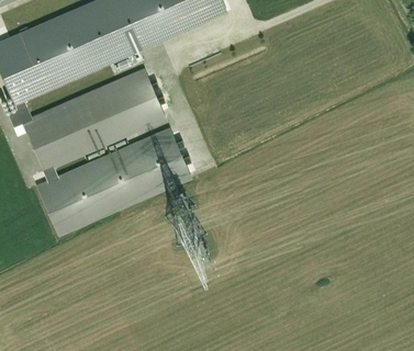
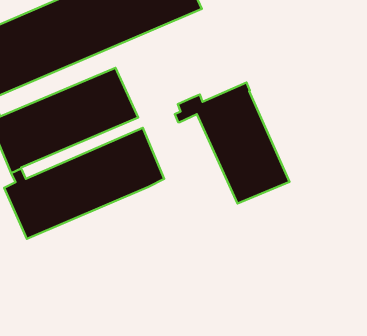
building: none -> [175,82,289,203]

